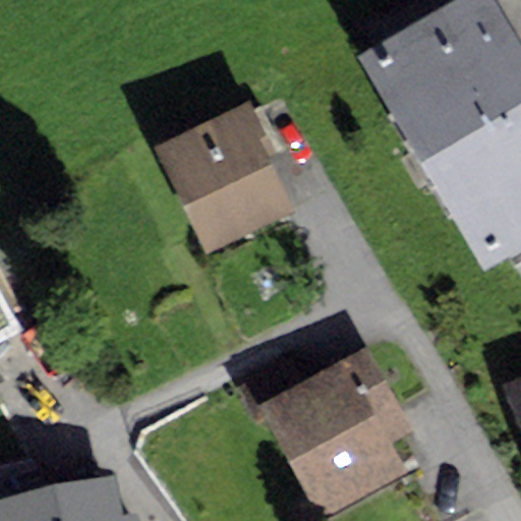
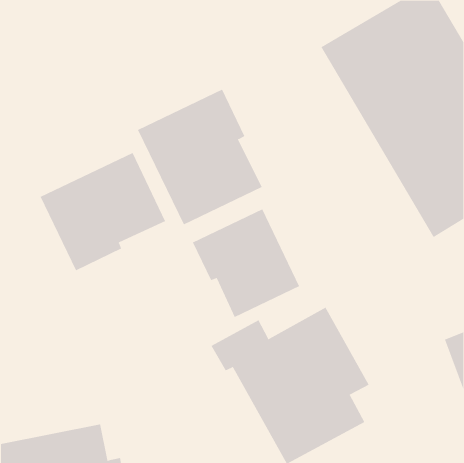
building: none -> [40,152,166,271]
building: none -> [192,208,300,318]

